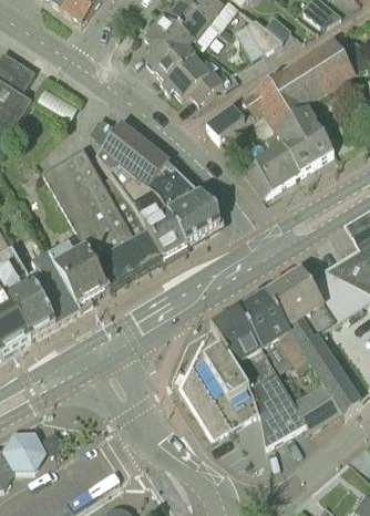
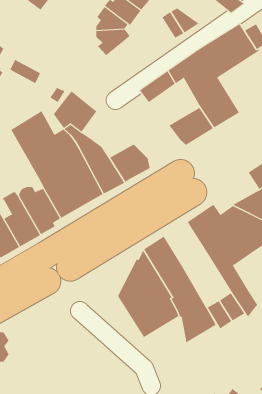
building: [162,54,223,100] -> none
building: [133,149,199,208] -> none
building: [239,290,308,370] -> none

